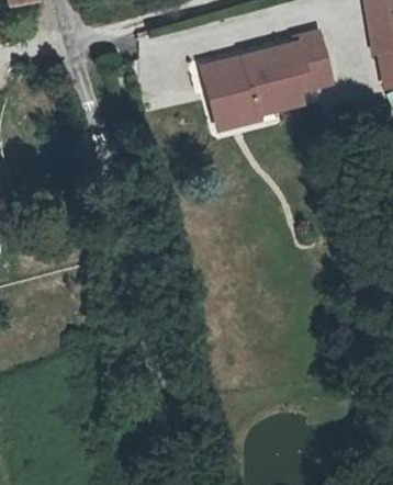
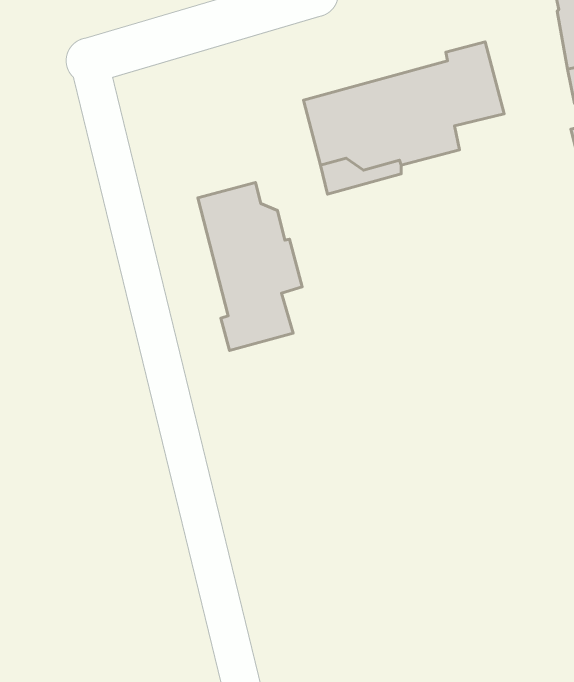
building: none -> [198,182,302,350]

